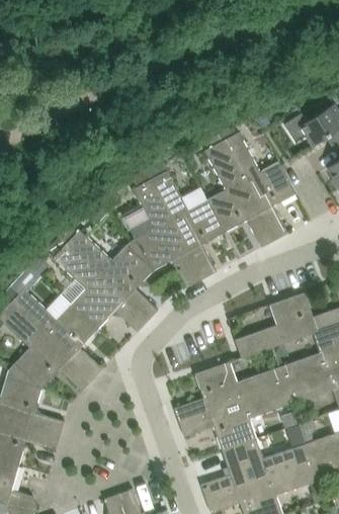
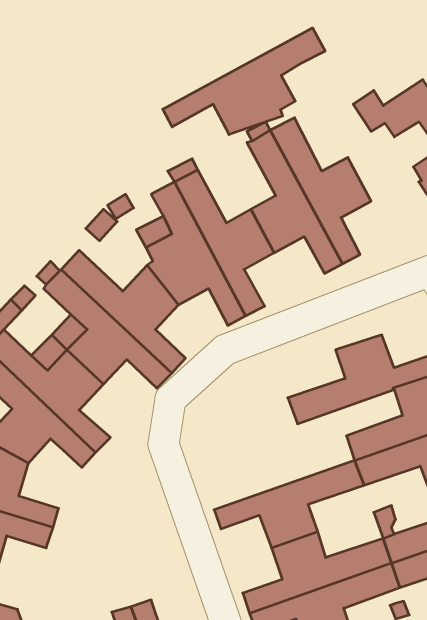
building: none -> [163,28,325,135]
building: [174,362,283,423] -> none

